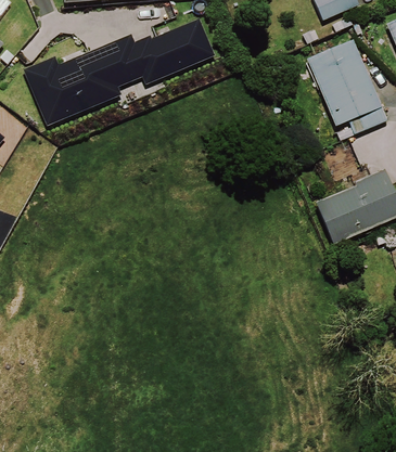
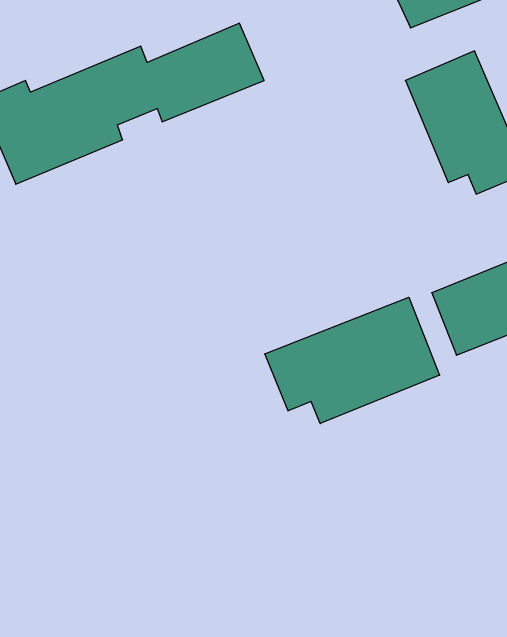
building: none -> [265,297,440,424]

